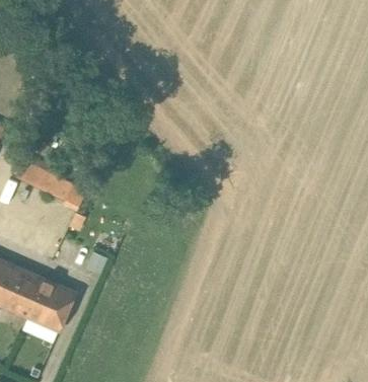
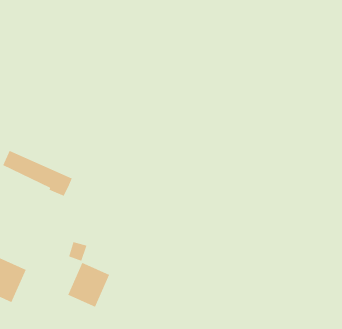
building: [26,282,71,329] -> [67,262,110,308]

